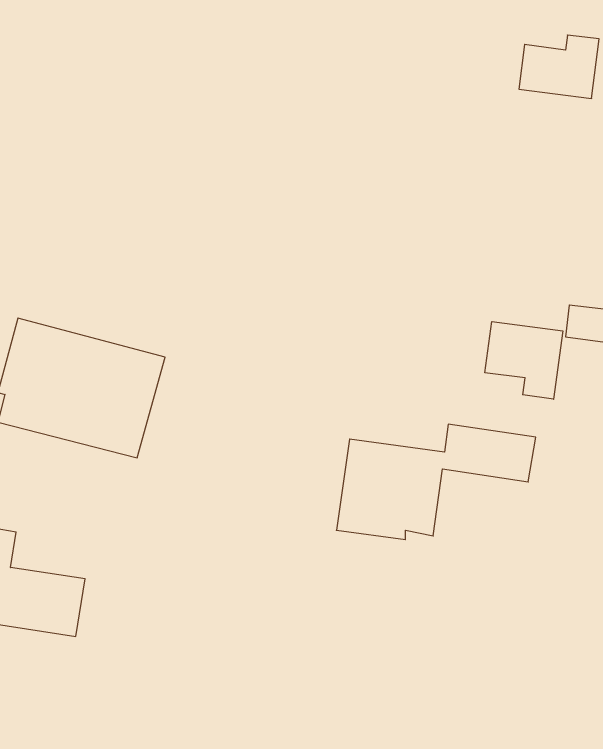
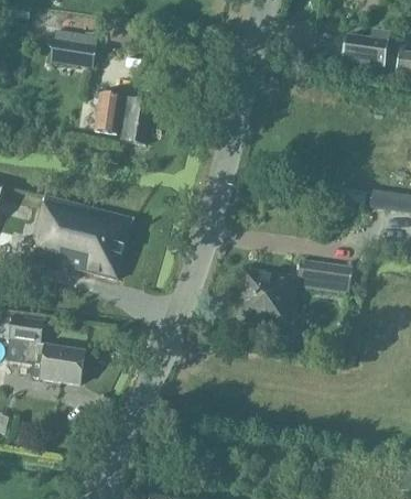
building: none -> [50,29,98,66]
building: none -> [94,90,152,144]
building: [485,322,563,399] -> none

